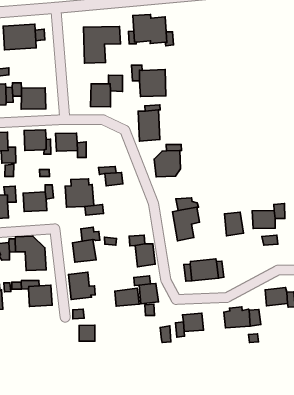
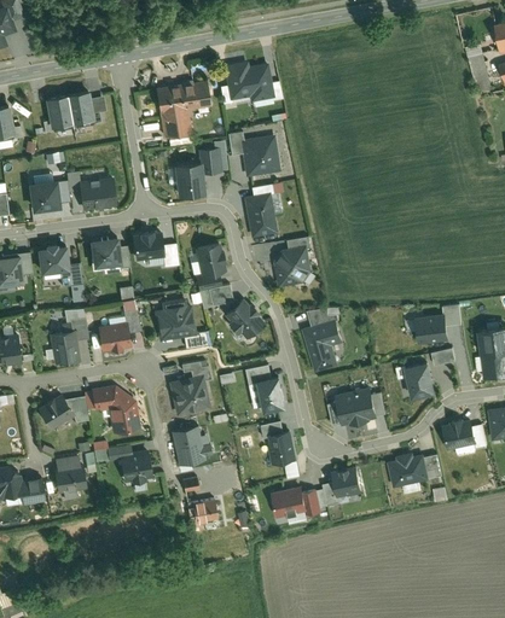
building: none -> [193,243,225,276]
building: none -> [224,297,263,338]
building: [224,212,243,236] -> [407,362,436,397]
building: [115,288,139,306] -> [272,488,307,515]

